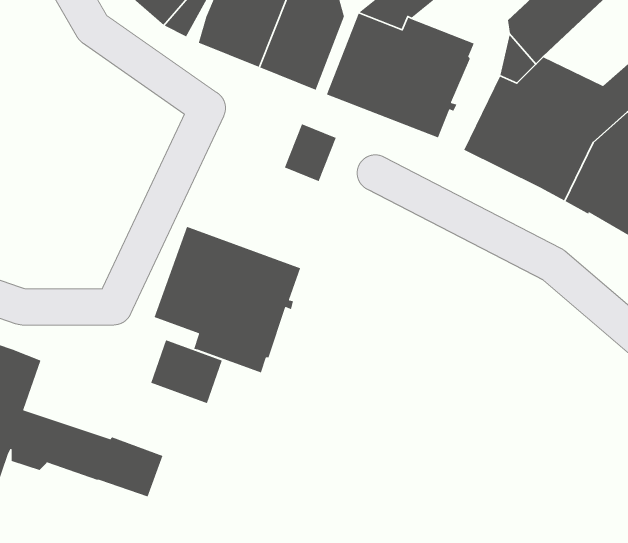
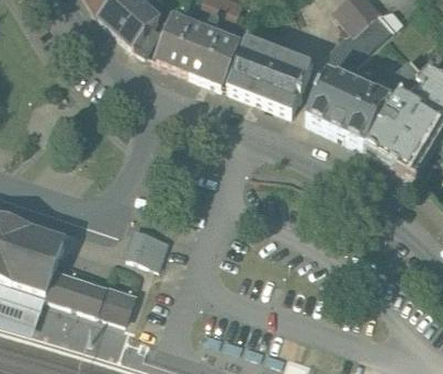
building: [284,123,337,182] -> none
building: [153,226,301,374] -> none

